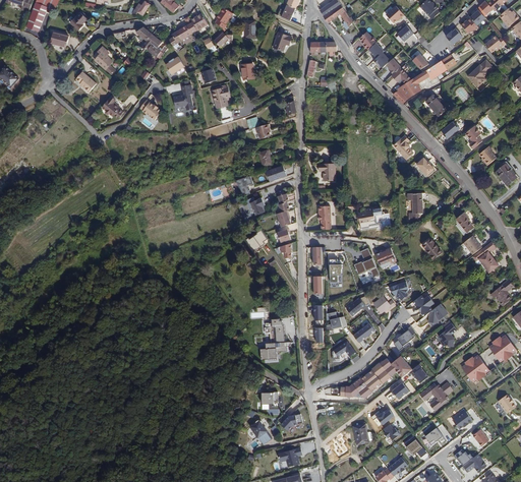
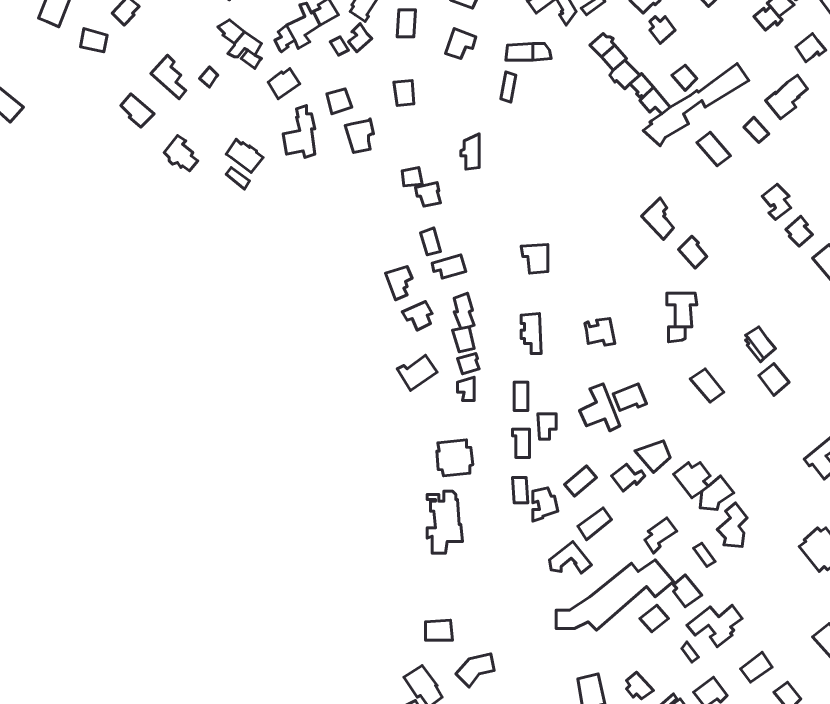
building: [472,240,499,274] -> none
building: none -> [437,440,473,476]
building: [460,354,488,381] -> none

